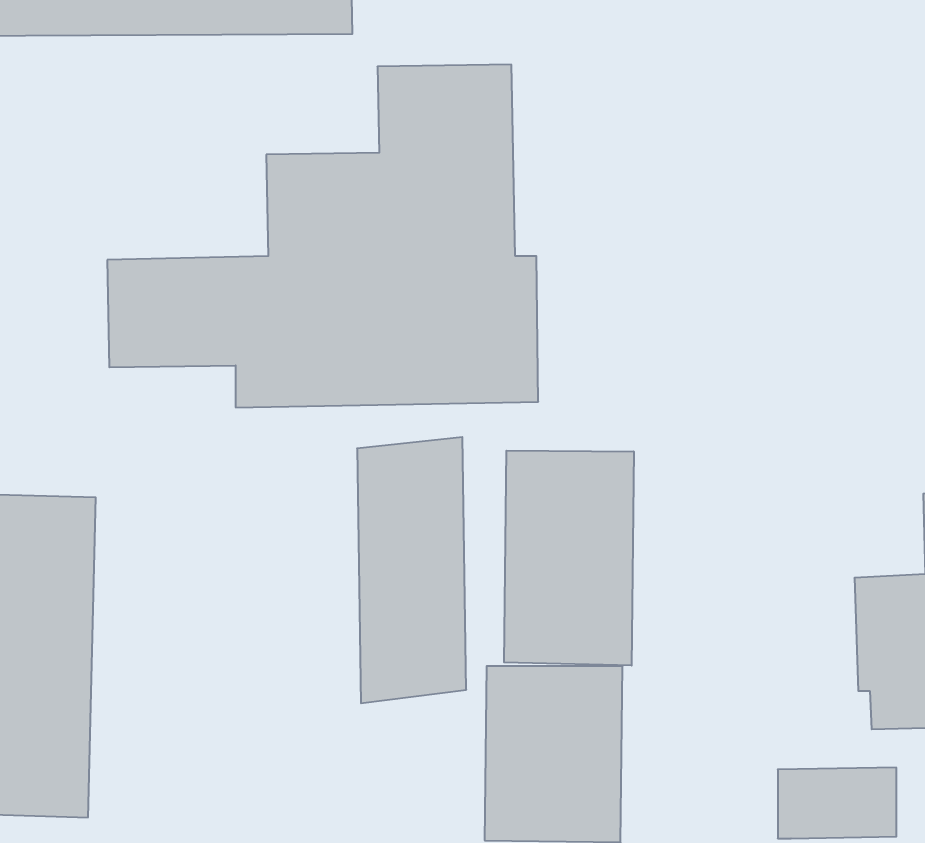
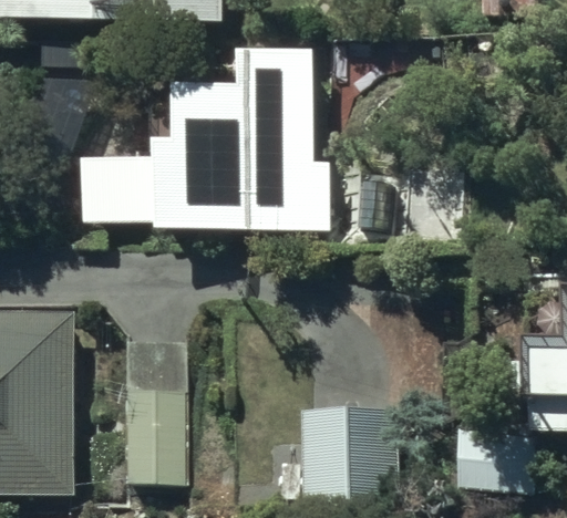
building: [357,437,466,703] -> [124,331,187,485]
building: [504,451,634,666] -> none

